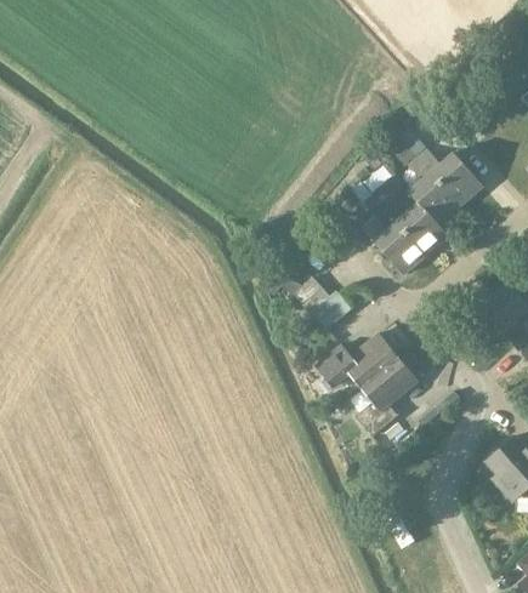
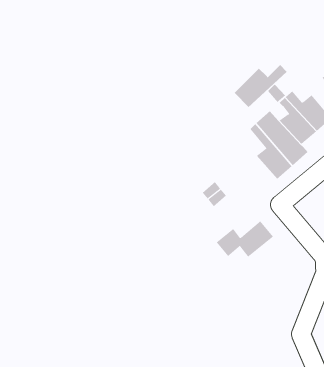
building: none -> [234,64,288,108]
building: [356,358,419,437] -> none

